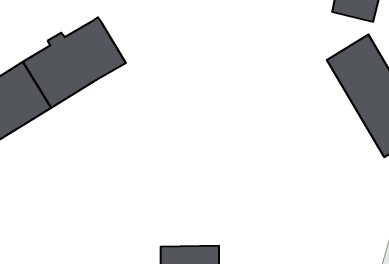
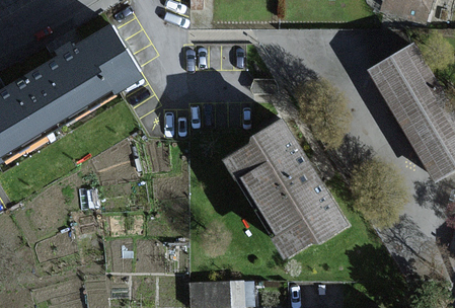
building: none -> [222,120,344,259]

